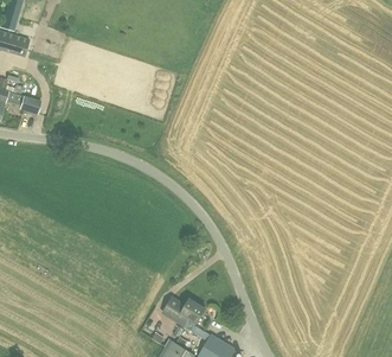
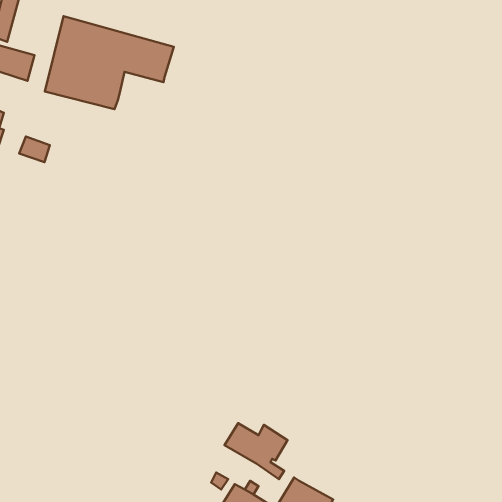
building: none -> [45,16,174,109]

